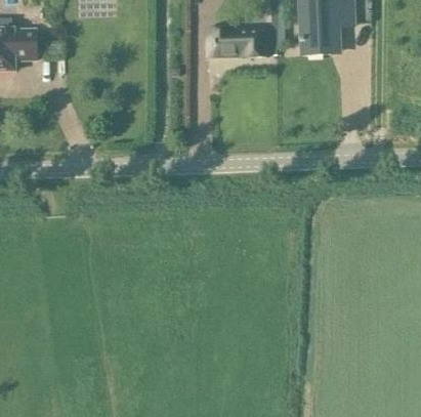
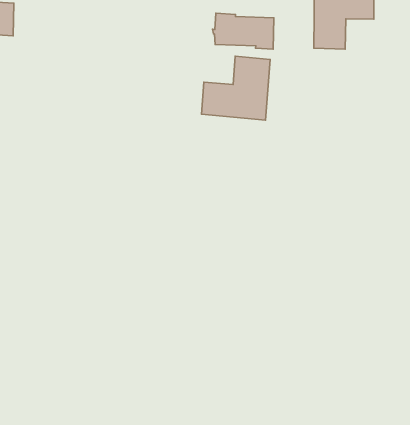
building: none -> [201,56,270,120]

